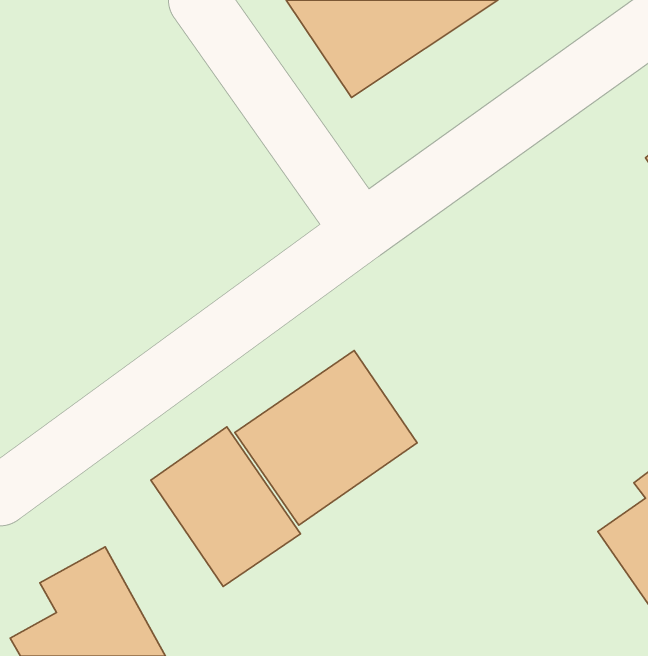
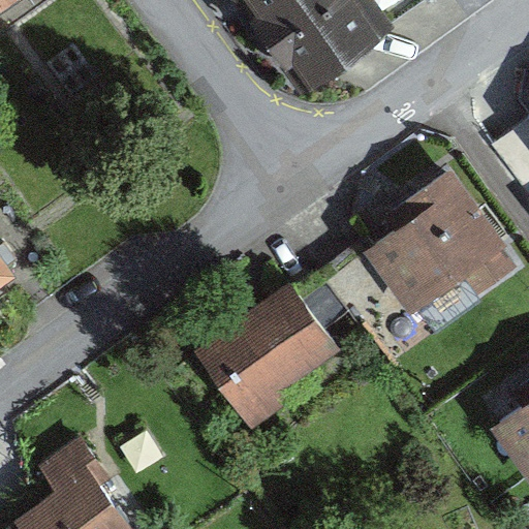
building: none -> [364,170,521,314]
building: [151,427,301,587] -> none

